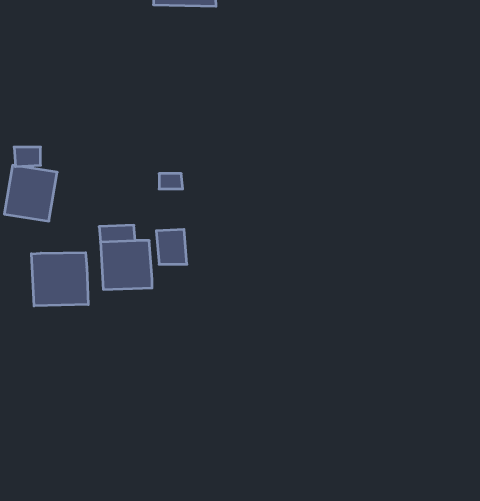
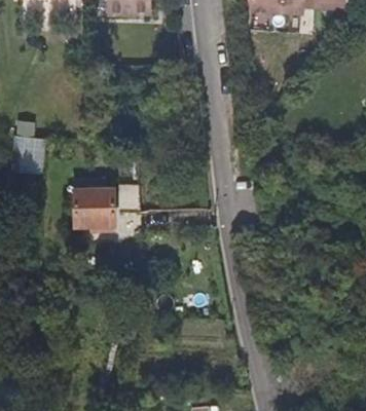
building: [31,253,88,306] -> none

